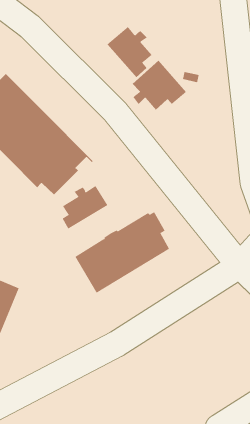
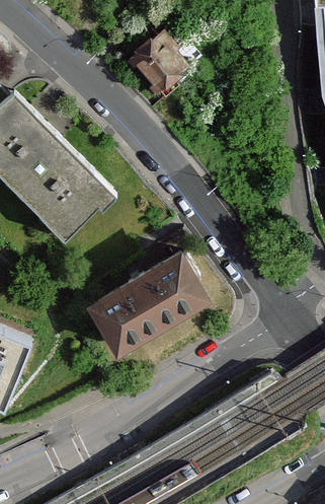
building: [132,60,187,111] -> none
building: [62,185,108,230] -> none

